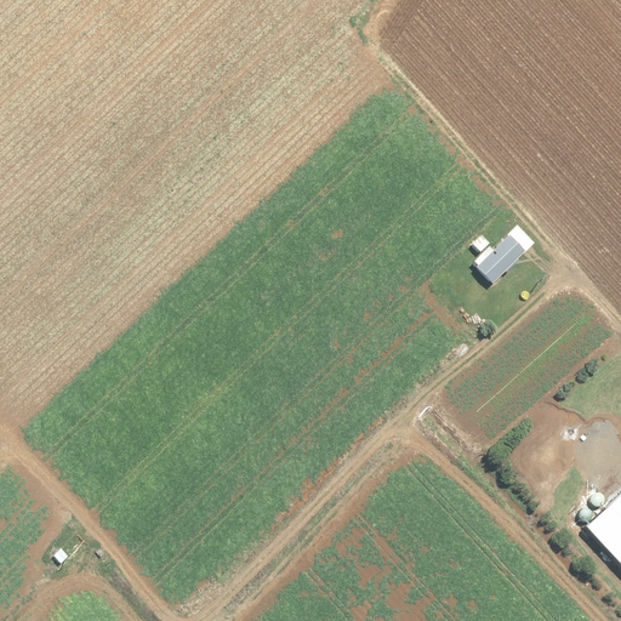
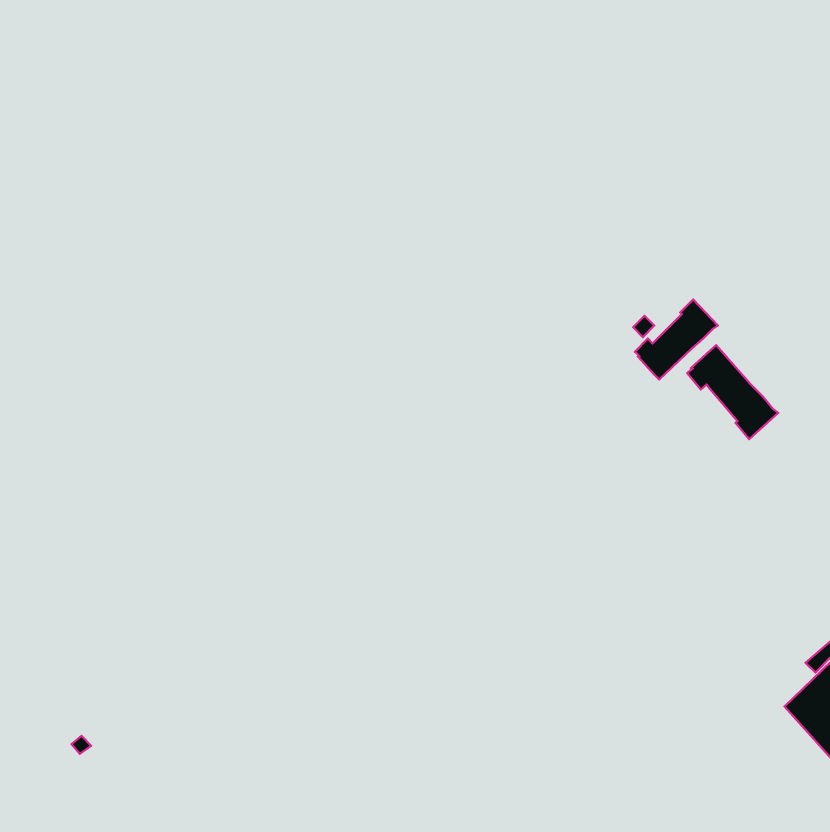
building: none -> [687,345,778,439]

